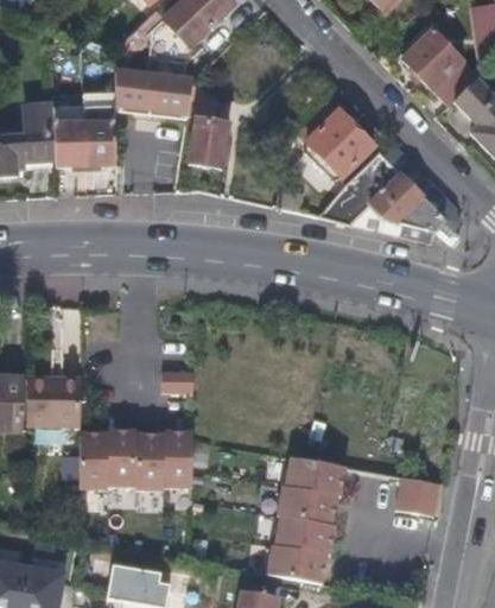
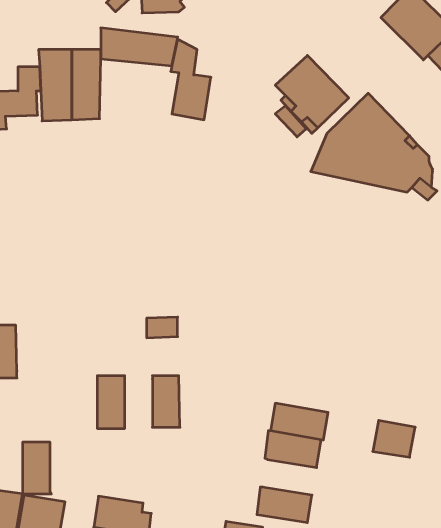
building: [25,378,81,426] -> none
building: [138,433,166,488] -> none
building: [81,435,110,488] -> [23,442,51,494]
building: [280,518,338,555] -> none

